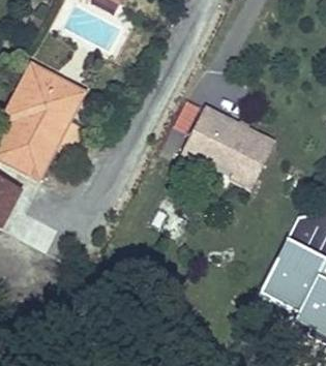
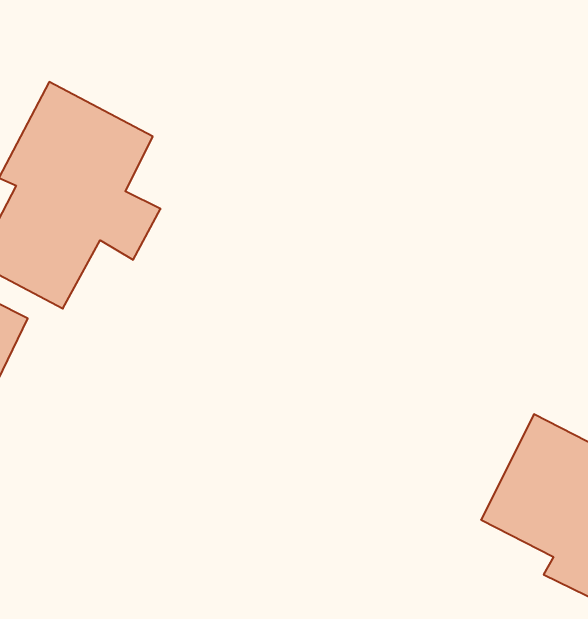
building: [173,98,276,188] -> none

